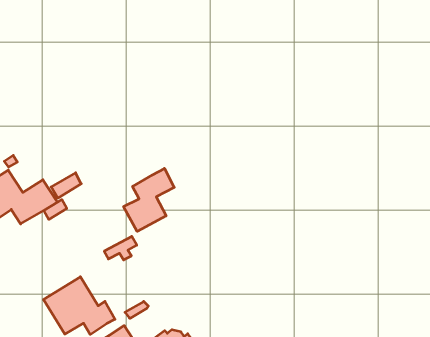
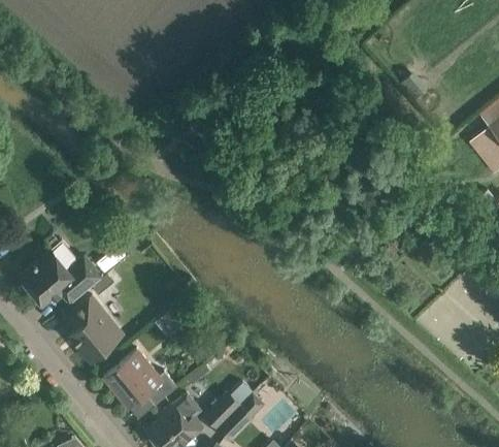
building: [124,168,174,231] -> none
building: none -> [64,296,123,362]

